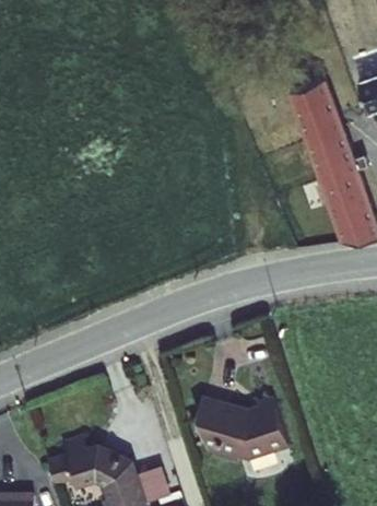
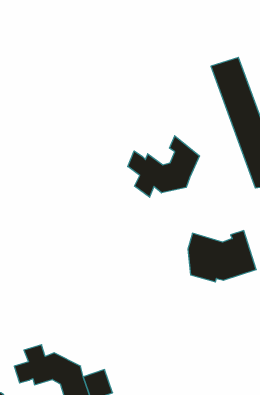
building: none -> [128,136,199,197]
building: [203,397,287,460] -> [188,231,256,282]

